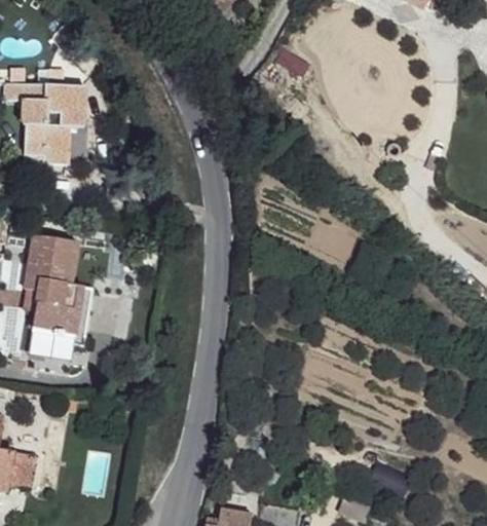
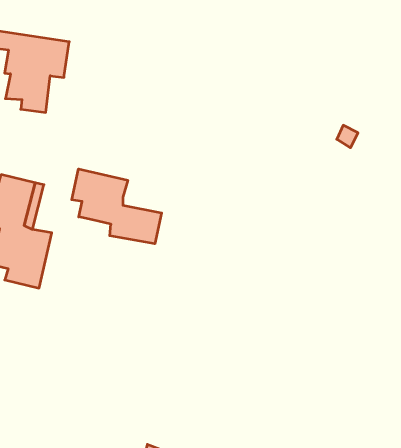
building: none -> [72,169,162,244]

